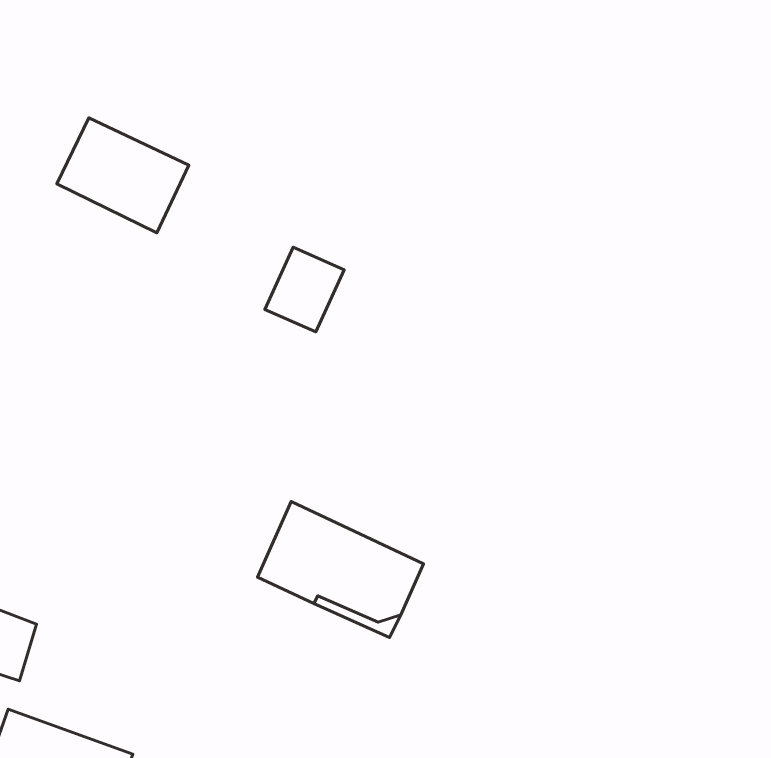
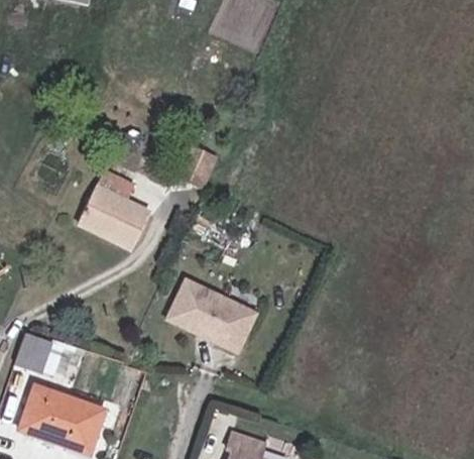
building: [57,118,189,233] -> [81,187,151,248]

